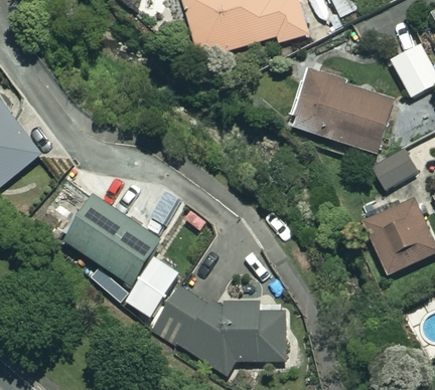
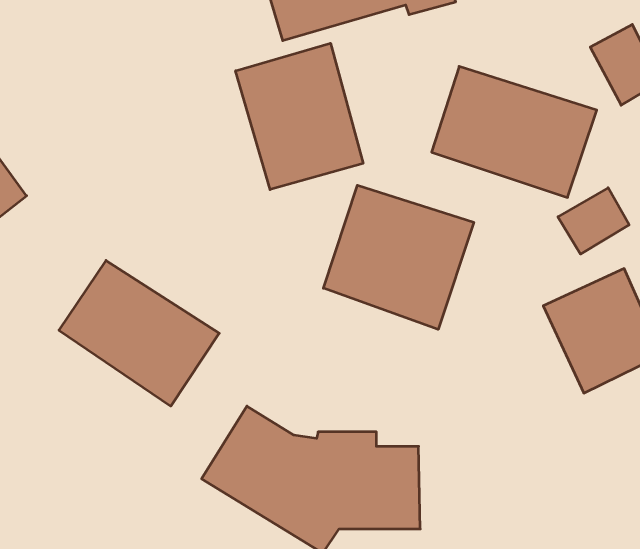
building: none -> [236,43,363,190]
building: none -> [323,185,474,329]
building: [122,255,176,317] -> none

